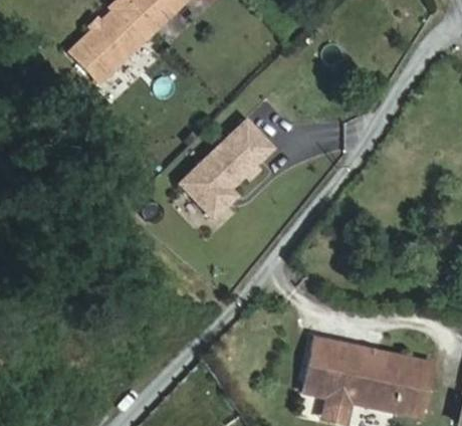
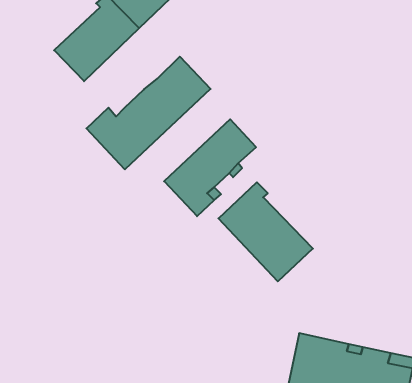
building: none -> [86,57,211,169]
building: none -> [218,182,313,281]

